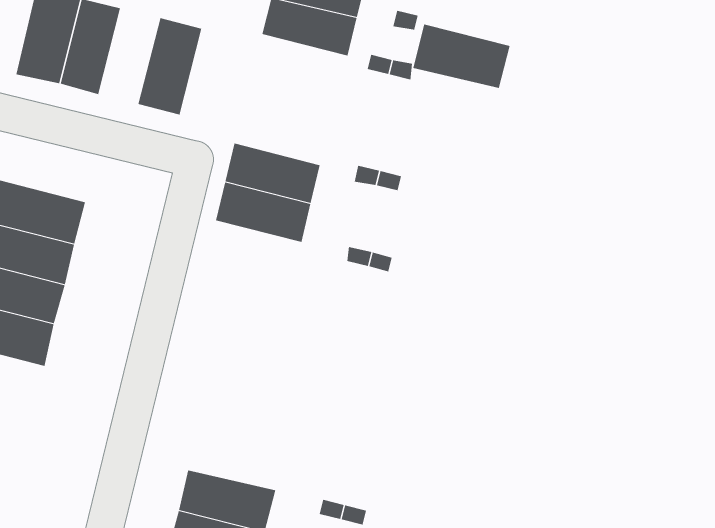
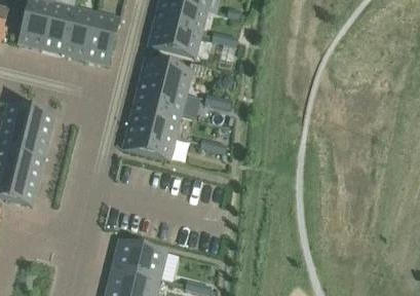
building: none -> [63,6,97,60]
building: [412,24,510,88] -> [147,21,201,57]
building: none -> [138,58,192,94]
building: none -> [121,124,176,160]
building: none -> [112,238,167,274]

